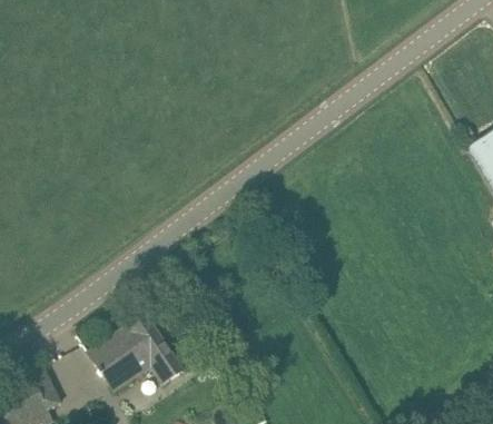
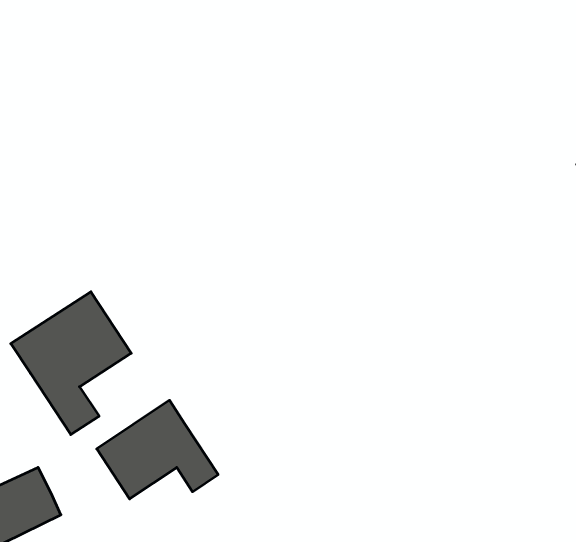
building: none -> [11,292,131,435]

